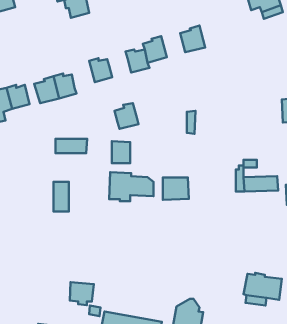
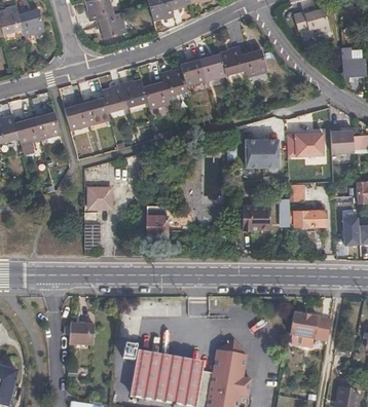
building: none -> [244,51,269,77]
building: none -> [200,55,226,81]
building: none -> [103,85,130,114]
building: [115,103,139,129] -> [145,82,171,110]
building: none -> [288,134,324,157]
building: none -> [245,138,278,164]
building: [112,141,130,163] -> [95,186,114,210]
building: [163,178,189,200] -> [242,205,269,228]
building: [70,282,94,305] -> [70,323,96,347]

